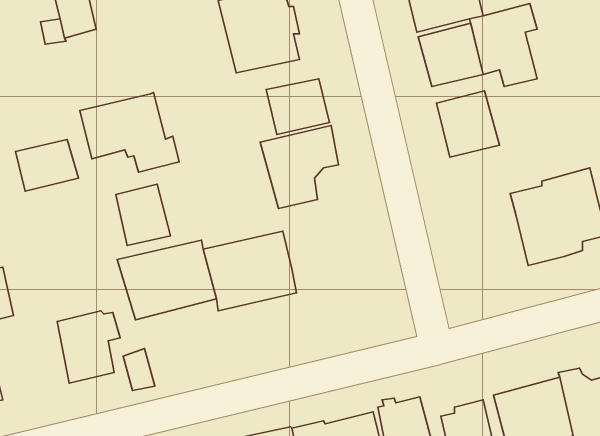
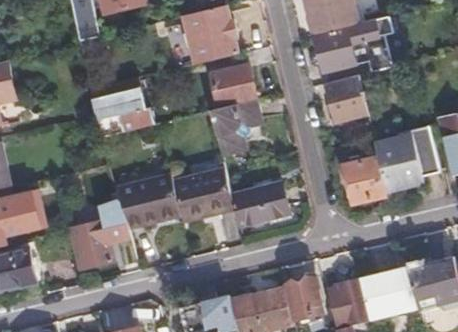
building: [15,139,78,191] -> none
building: [116,184,170,246] -> none
building: none -> [345,158,387,202]
building: none -> [230,182,288,224]

